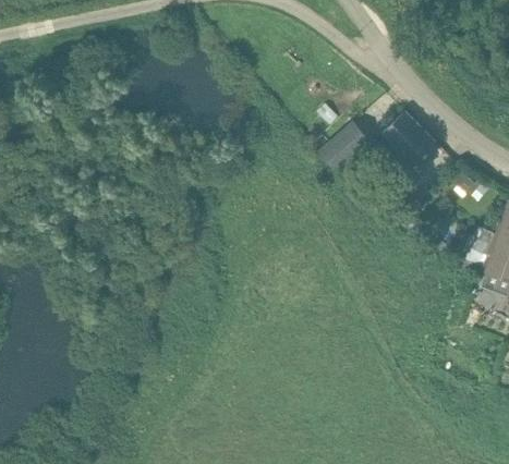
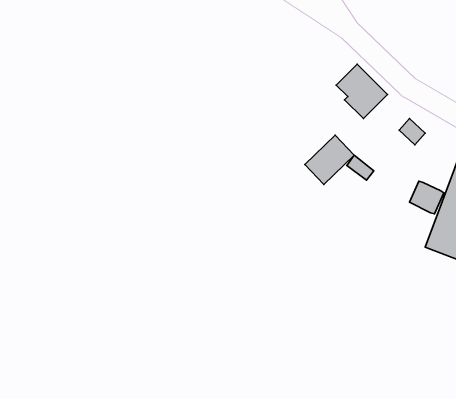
building: [322,121,373,172] -> [305,135,354,184]

